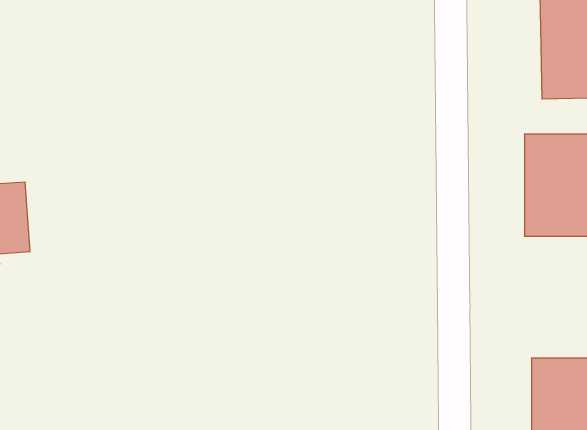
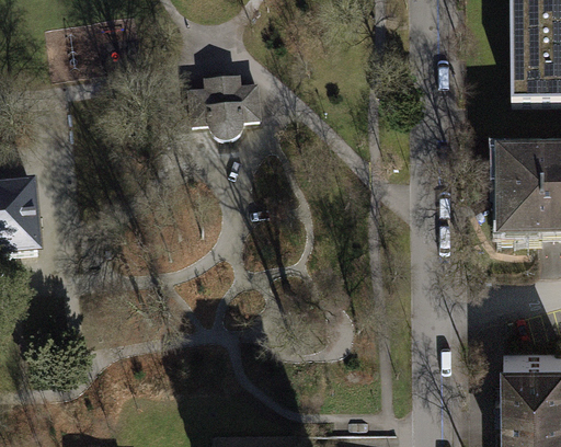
building: none -> [191,76,261,138]

